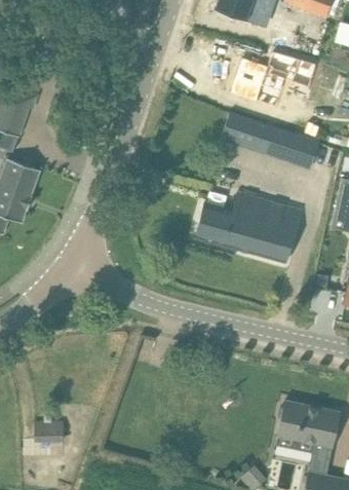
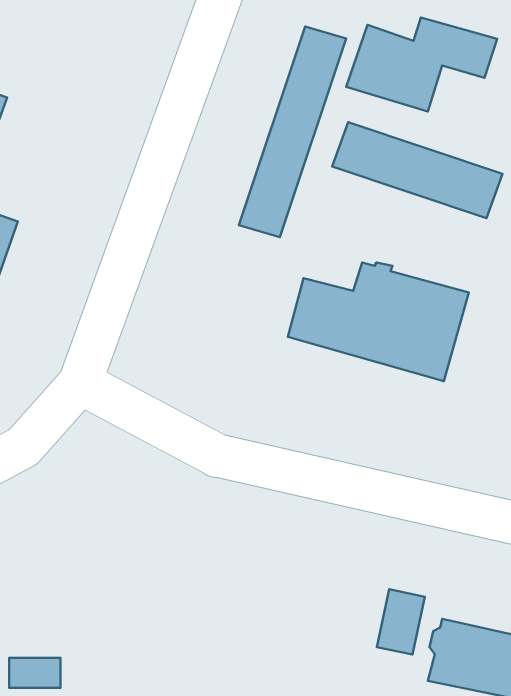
building: none -> [239,26,346,237]
building: none -> [377,589,425,655]

